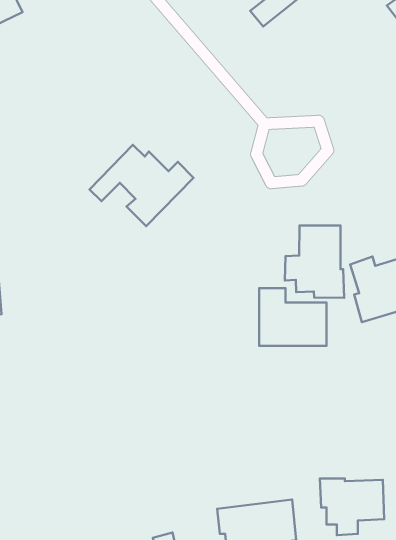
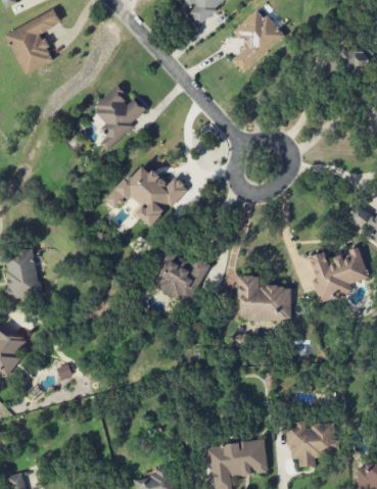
building: none -> [91,86,147,149]
building: [285,225,344,298] -> none
building: none -> [154,256,213,307]

